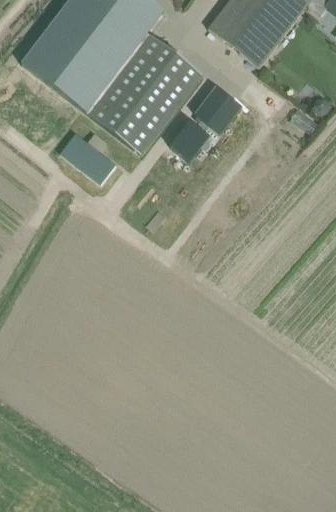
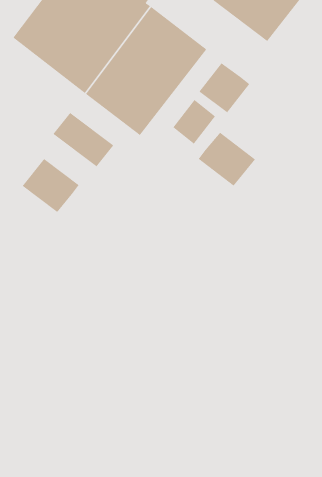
building: none -> [198,132,256,187]
building: none -> [22,158,80,213]

